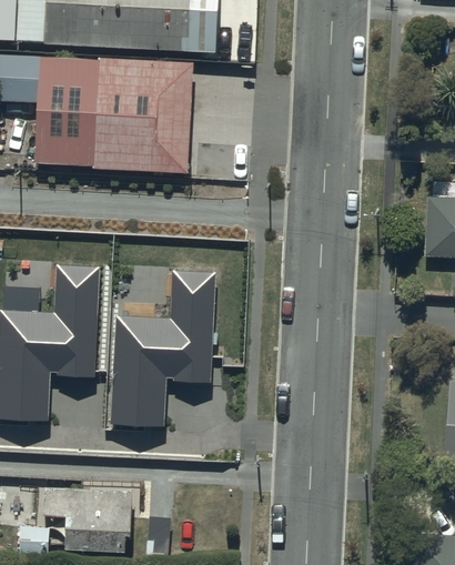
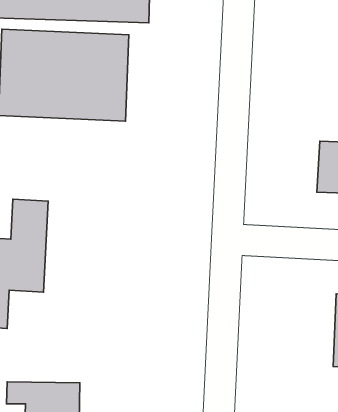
building: [111,271,215,427] -> none

